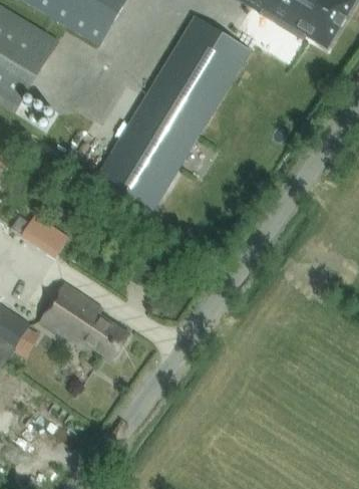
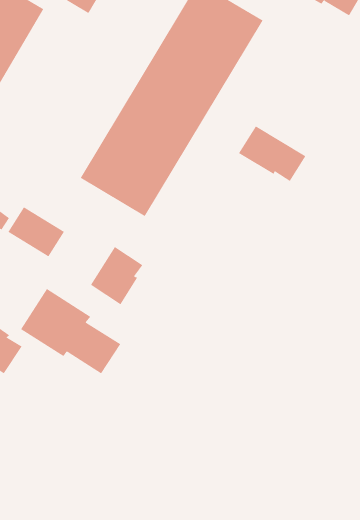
building: none -> [238,125,306,182]
building: none -> [90,246,143,305]

